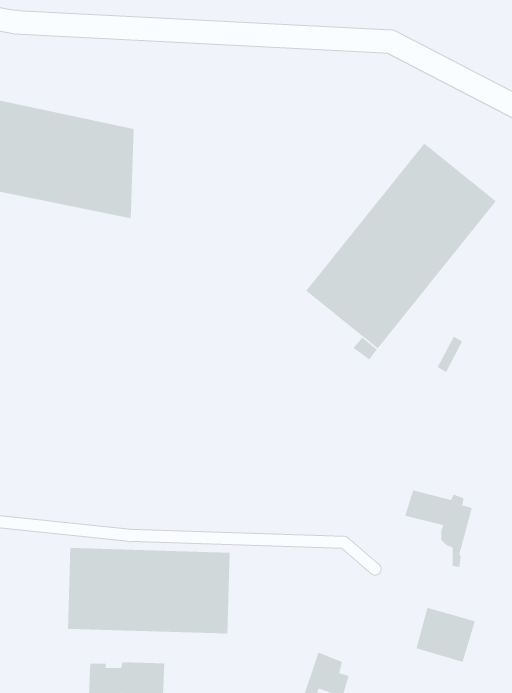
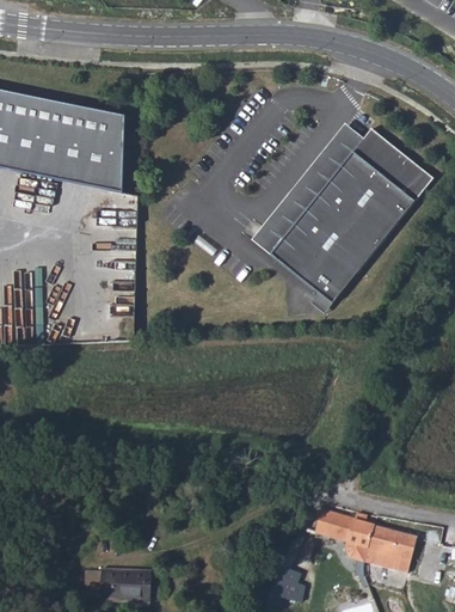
building: none -> [252,122,363,253]
building: [404,489,473,568] -> [315,508,374,575]
building: [67,547,231,635] -> none

